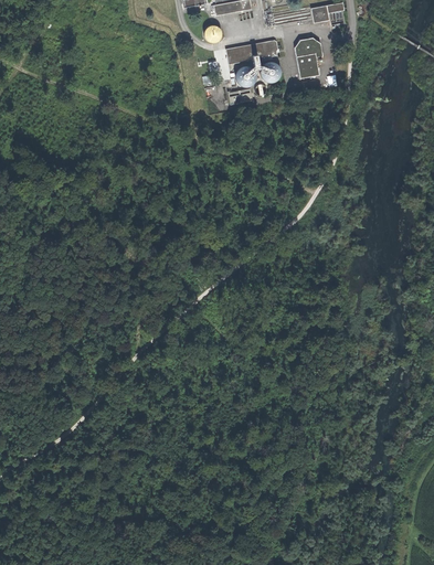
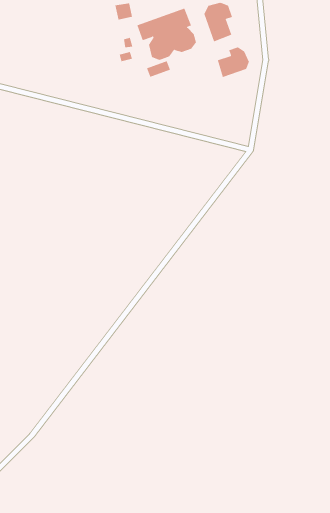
building: none -> [217,46,250,78]

